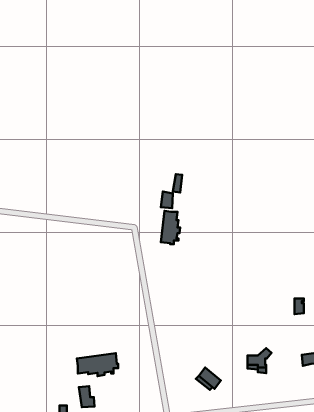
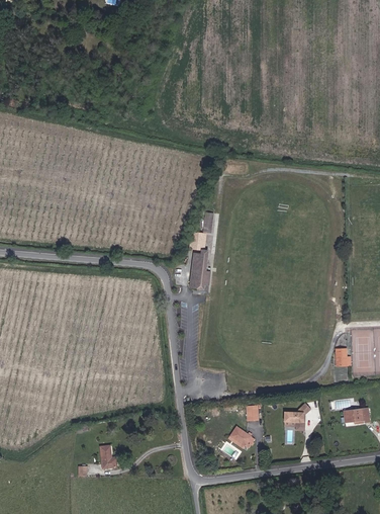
building: [77,353,118,376] -> none

